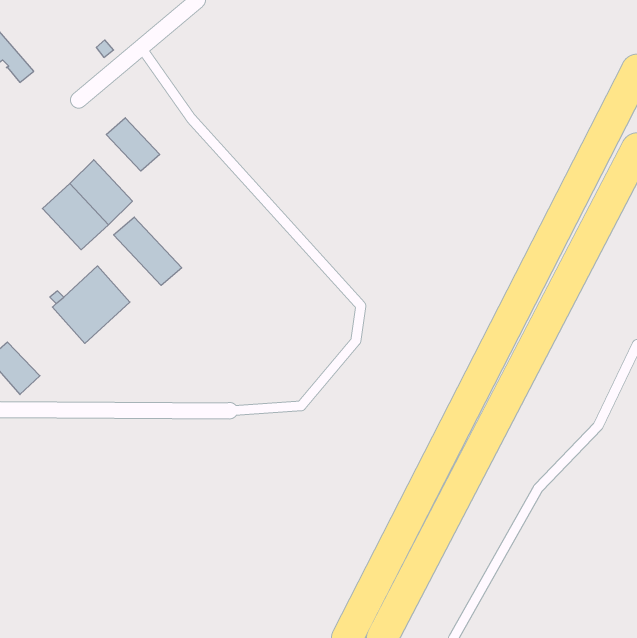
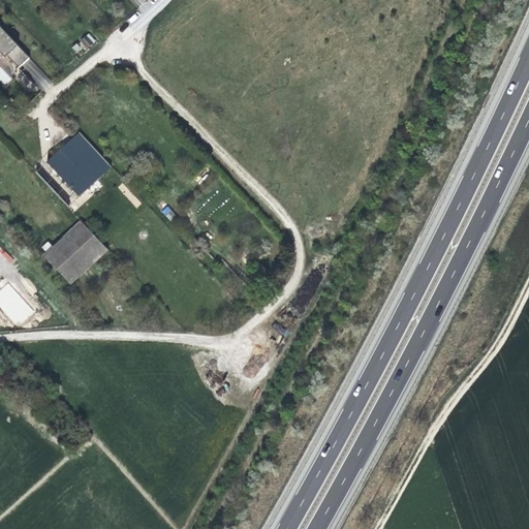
building: [106,118,160,171] -> none
building: [114,217,182,285] -> none

